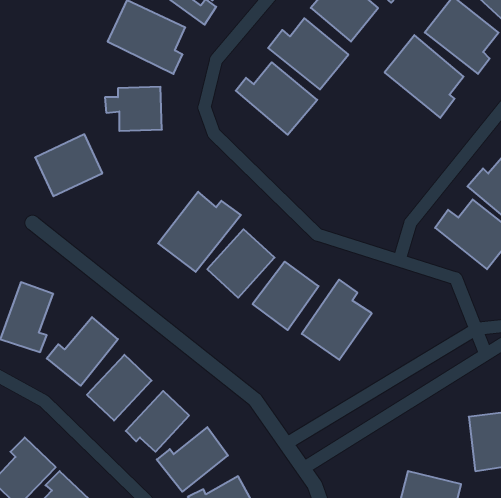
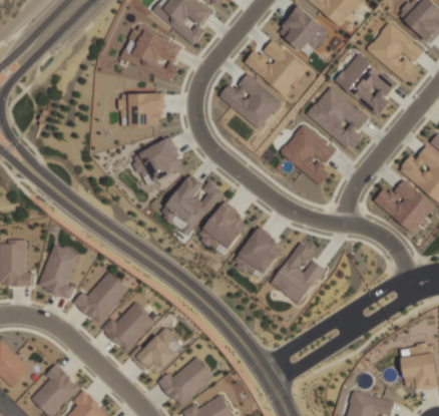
building: none -> [306,86,368,150]
building: none -> [280,124,336,185]
building: [35,134,102,196] -> [131,137,183,185]

